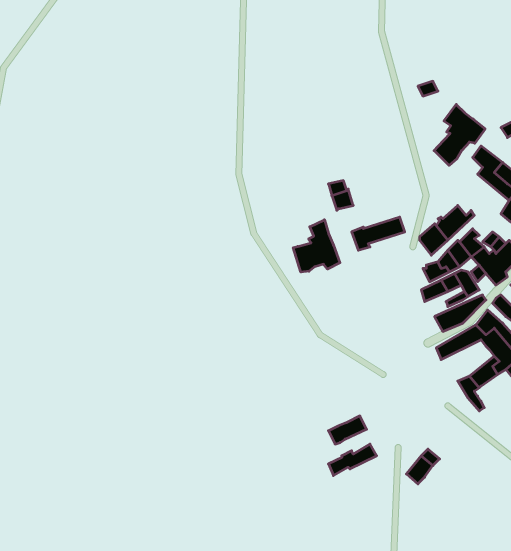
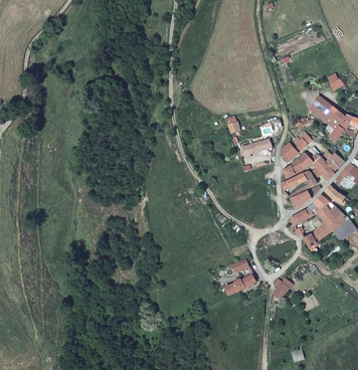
building: [434,104,485,165] -> none
building: [293,220,340,272] -> none

